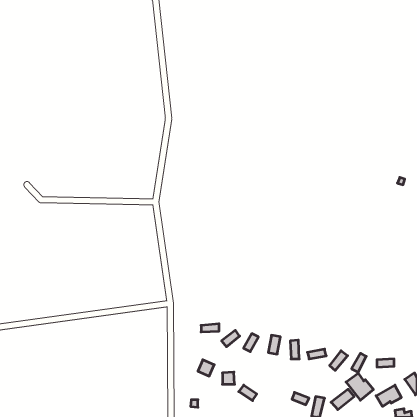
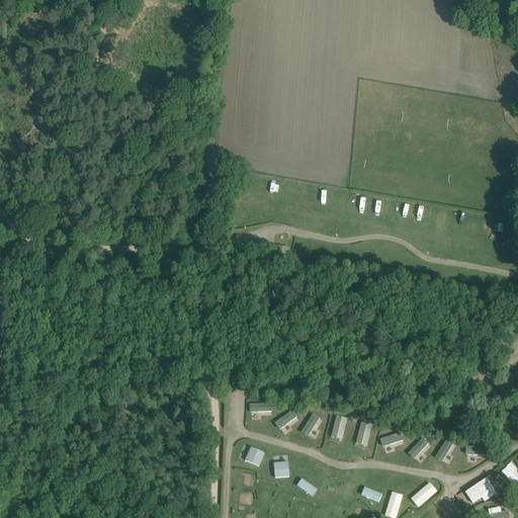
building: [346,373,373,400] -> none

